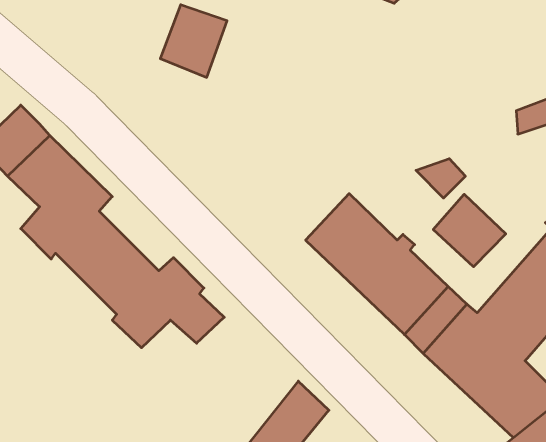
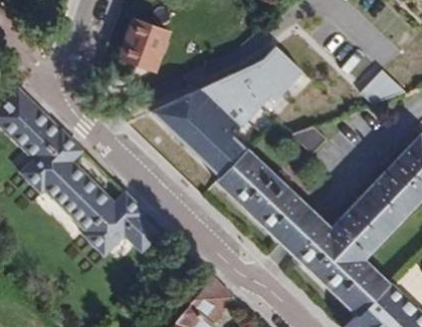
building: none -> [148,51,300,180]
building: [433,194,506,267] -> none

